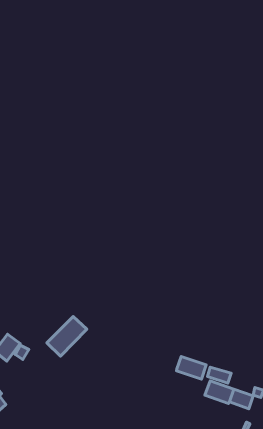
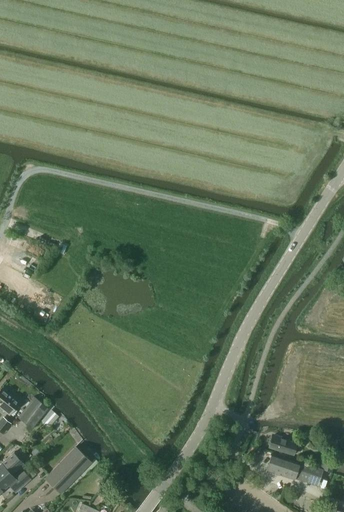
building: [47,316,87,356] -> [44,447,91,494]
building: [176,356,206,379] -> none

